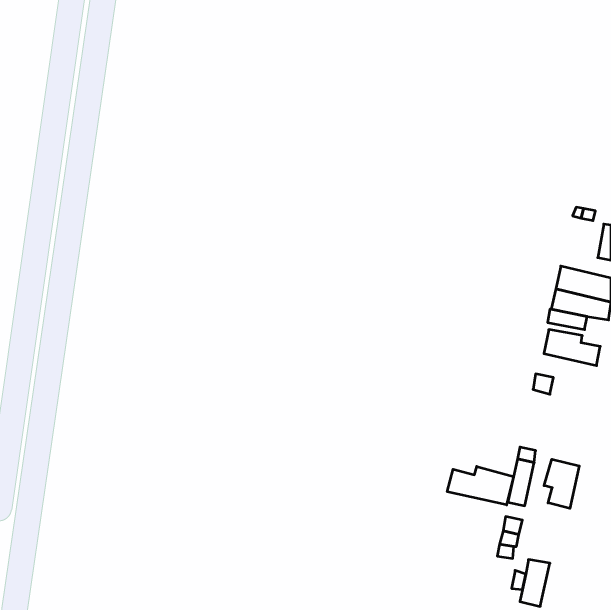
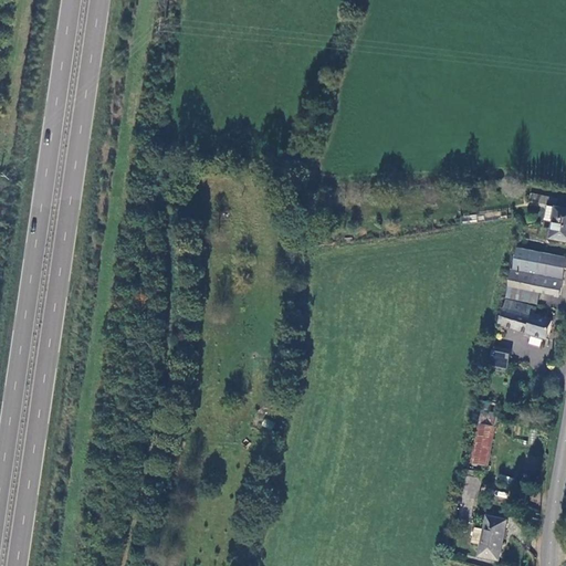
building: [544,459,579,508] -> none
building: [447,466,514,505] -> none

